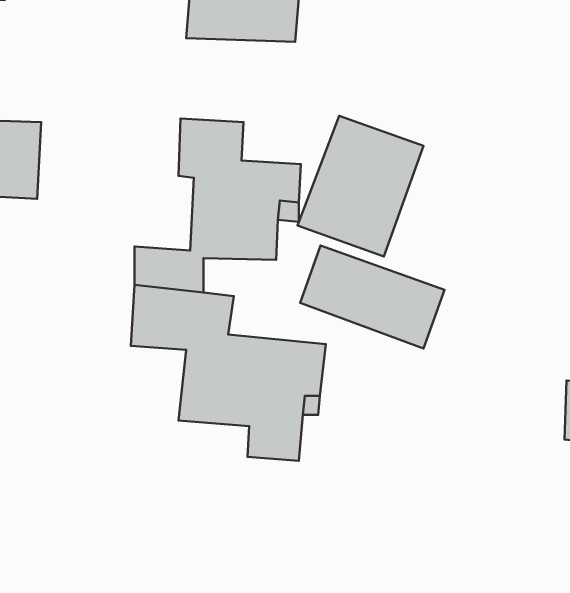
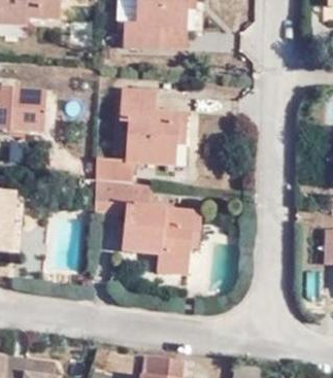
building: [298,116,423,256] -> none
building: [300,245,445,349] -> none

